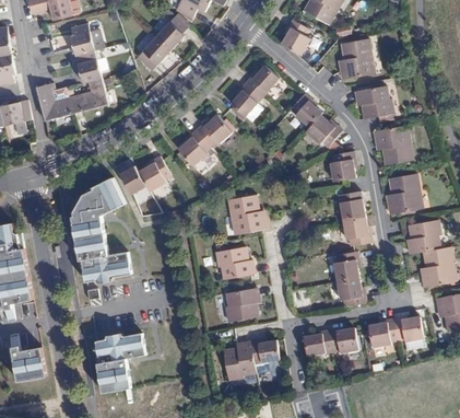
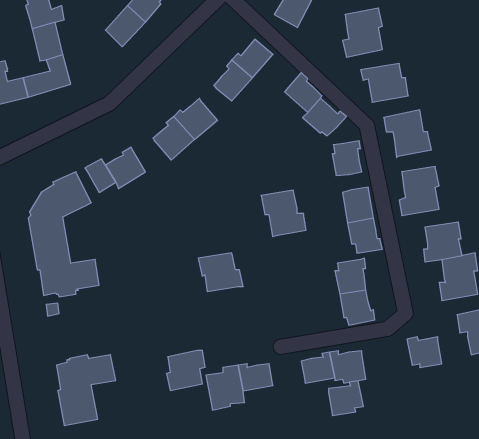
building: [227,195,266,234] -> [261,190,306,237]
building: [225,288,258,322] -> [166,350,205,390]
building: [367,320,397,349] -> [329,381,363,416]

